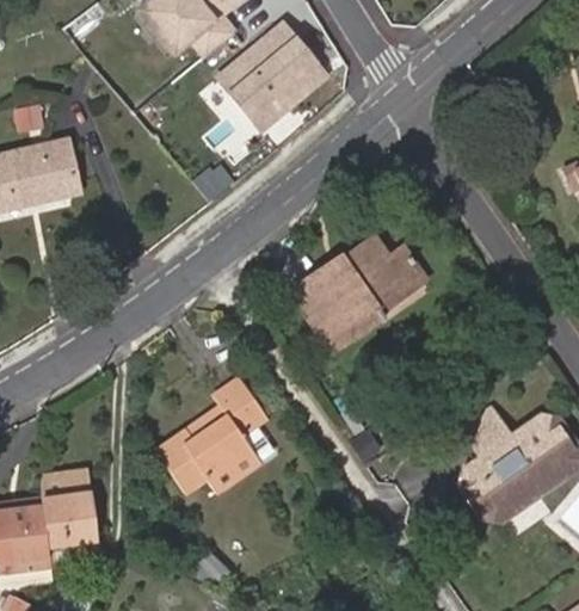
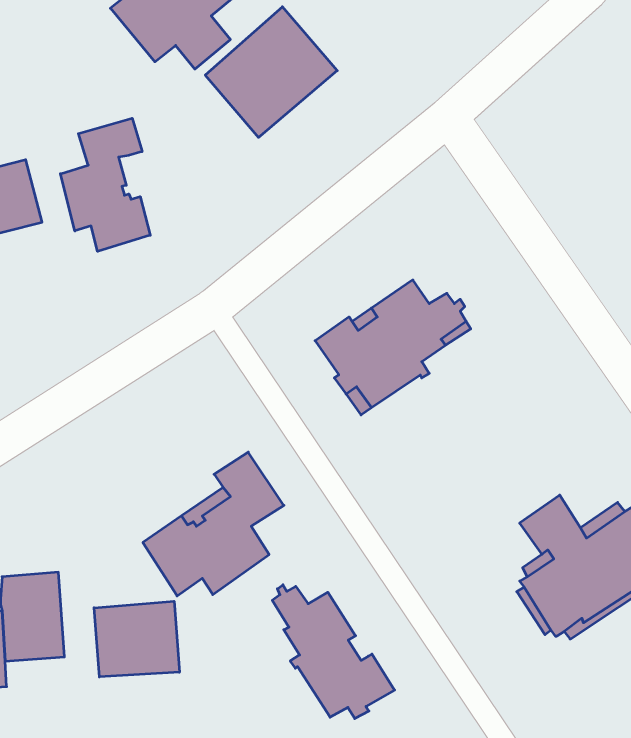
building: none -> [60,118,150,251]
building: none -> [272,585,395,719]
building: none -> [94,601,179,677]

